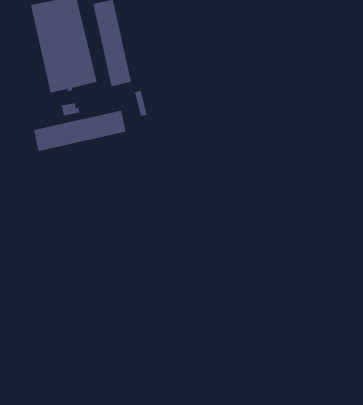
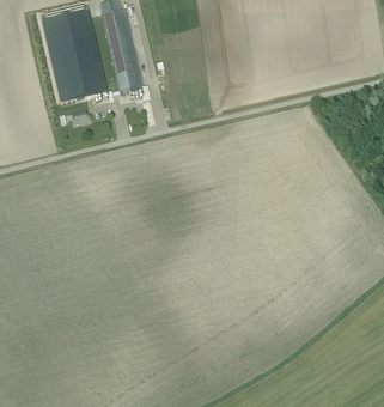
building: [34,110,126,152] -> none

